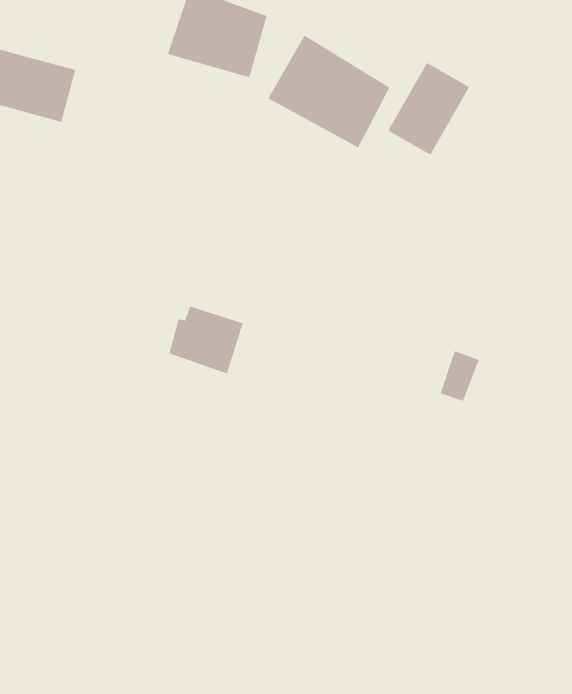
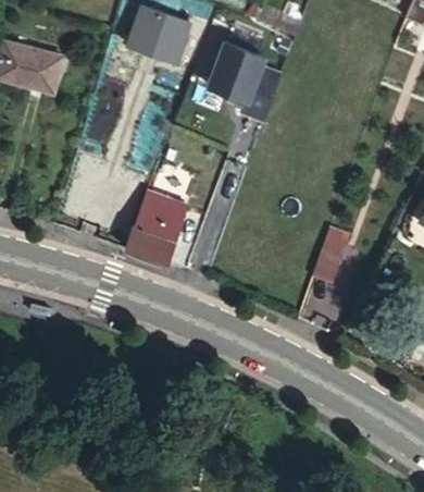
building: [387,62,470,156] -> none
building: none -> [141,193,187,231]

